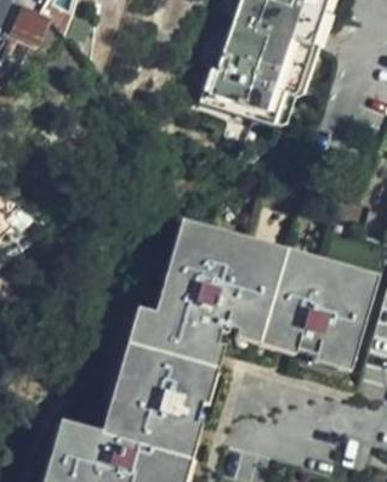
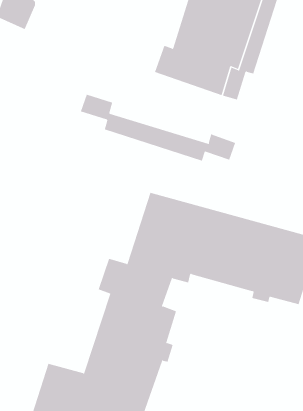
building: none -> [80,94,236,161]

